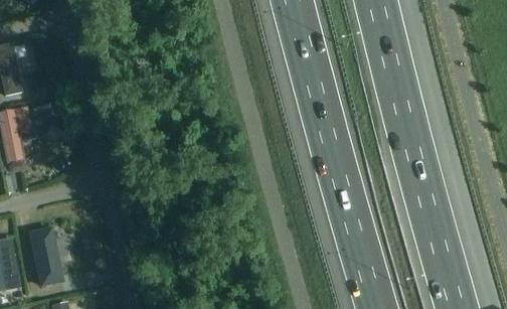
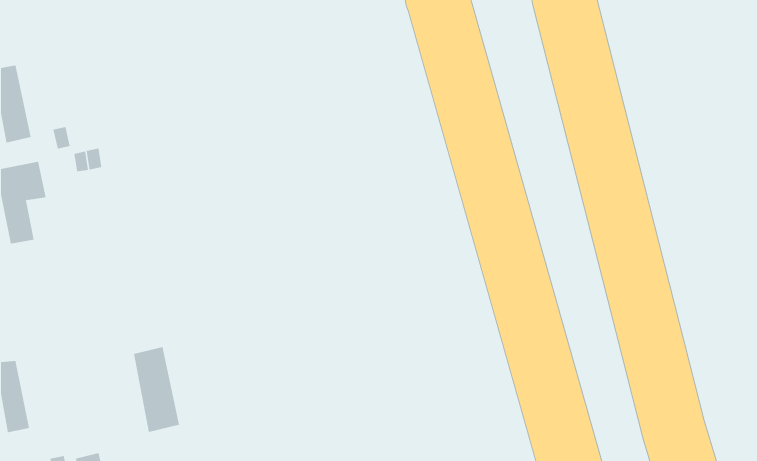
building: [31,228,62,286] -> [133,346,180,432]

